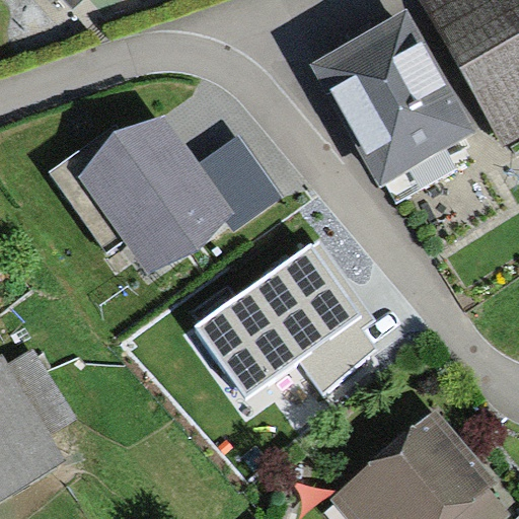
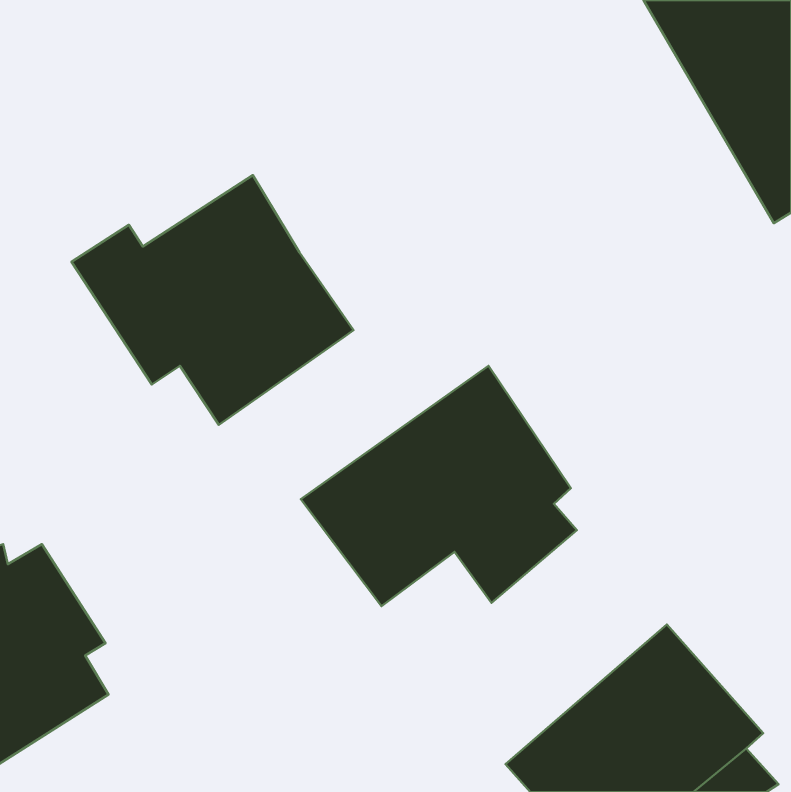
building: [312,12,474,201] -> none
building: [196,137,282,233] -> none

